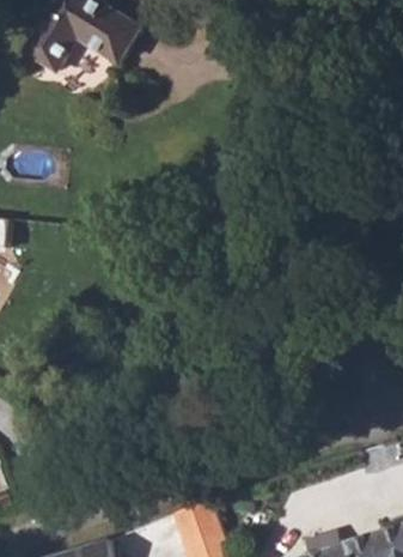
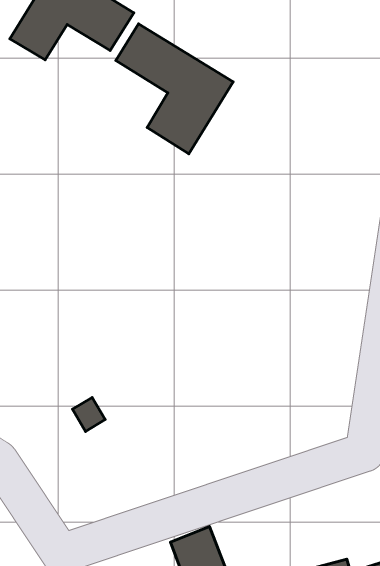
building: none -> [116,24,233,154]

